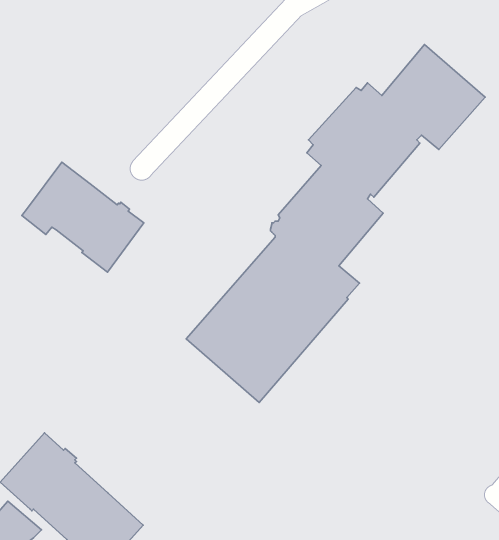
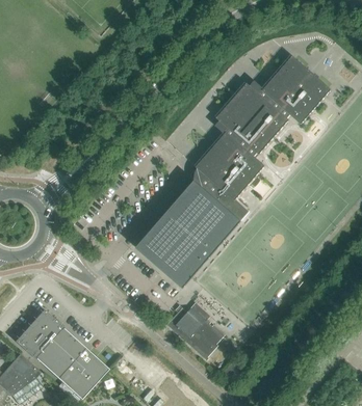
building: [22,162,144,272] -> none
building: none -> [166,302,225,360]

